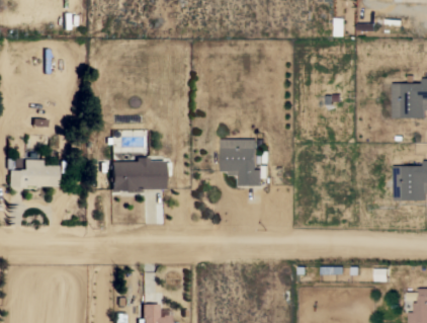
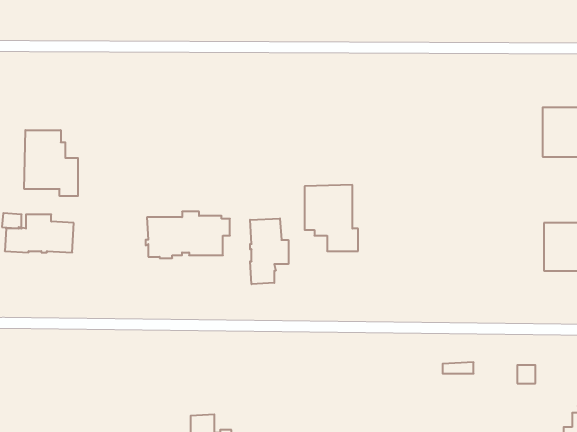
building: none -> [24,130,78,196]
building: none -> [250,218,288,284]

